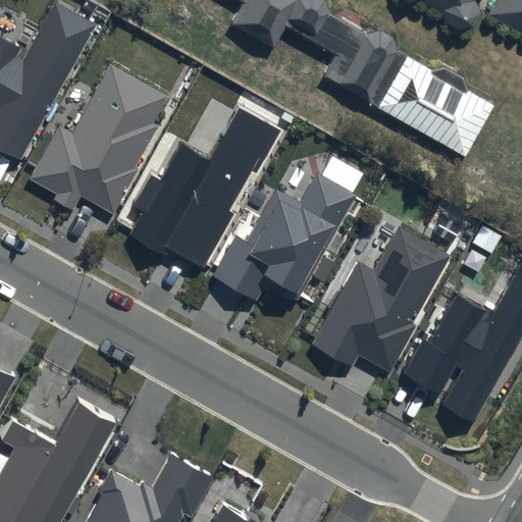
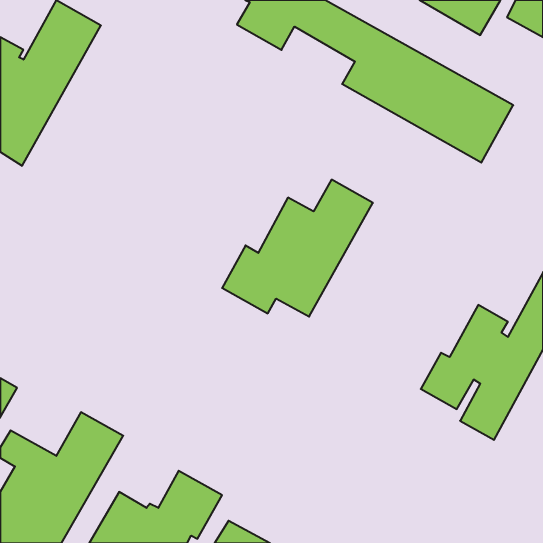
building: [30,64,167,214] -> none
building: [133,103,283,267] -> none
building: [311,225,451,372] -> none

